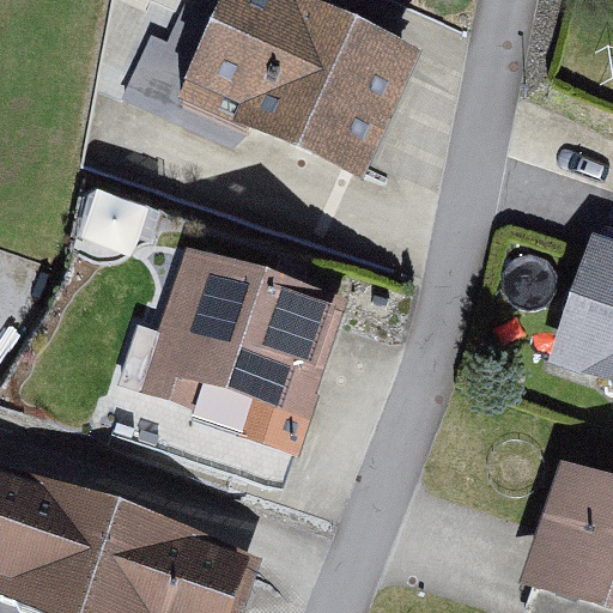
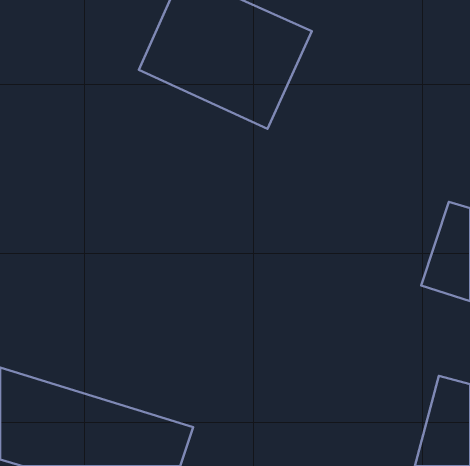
building: [136,244,344,445] -> none

